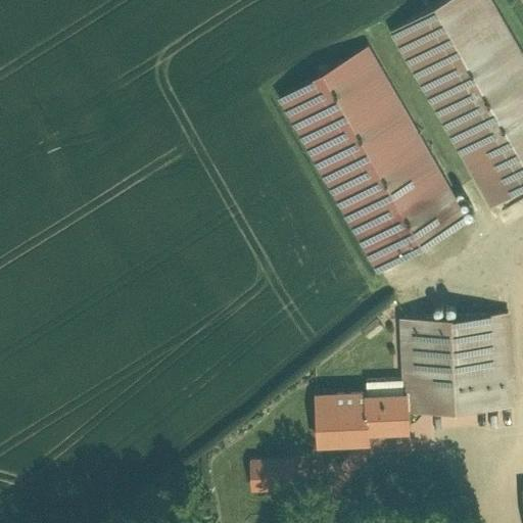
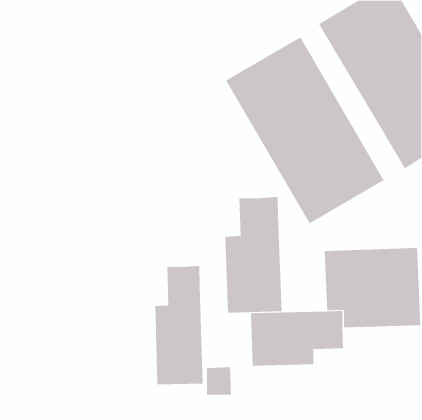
building: none -> [225,196,282,314]
building: none -> [155,265,203,385]

